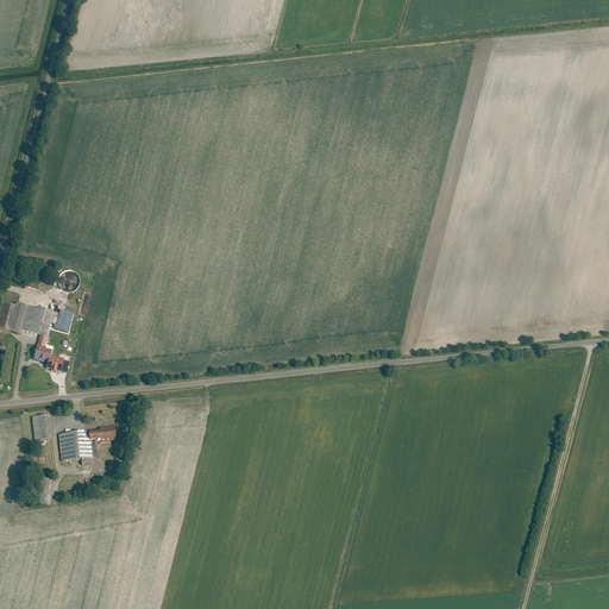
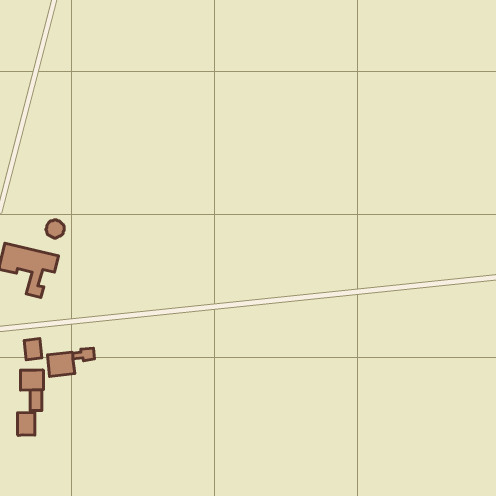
building: none -> [20,370,44,390]
building: none -> [17,413,35,435]

